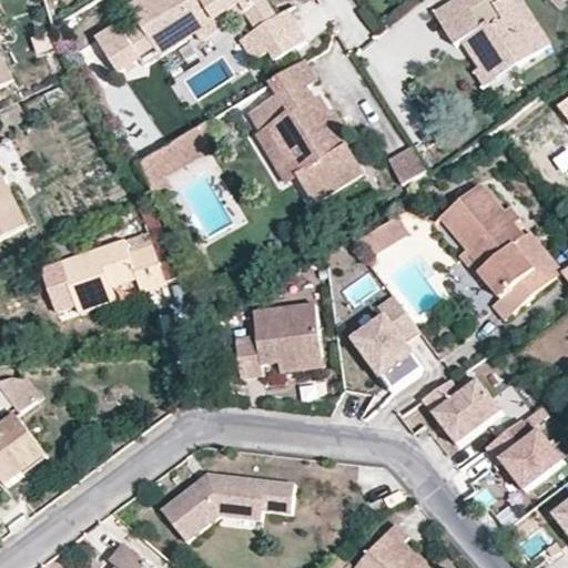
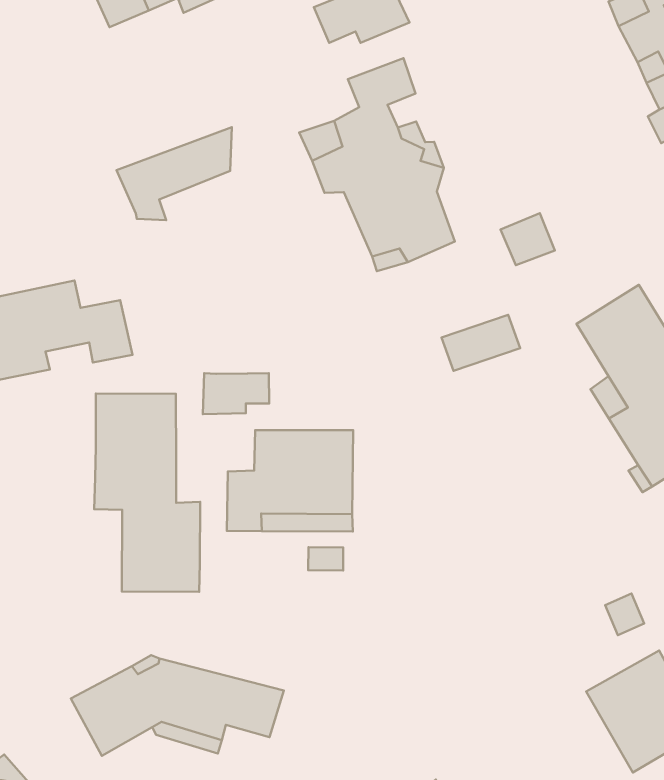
building: none -> [203,373,269,414]
building: [349,295,416,390] -> none
building: none -> [94,394,200,592]
building: [423,382,500,447] -> none

